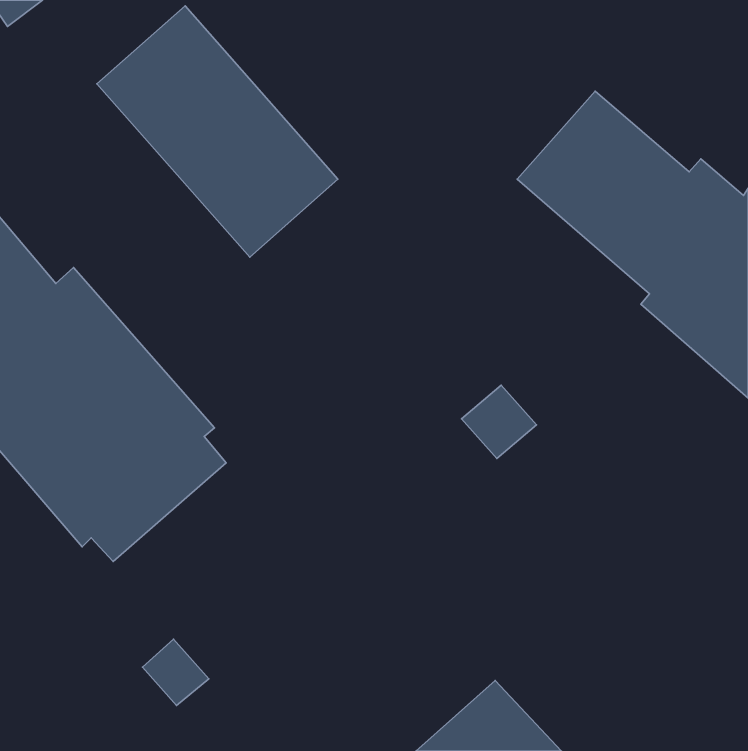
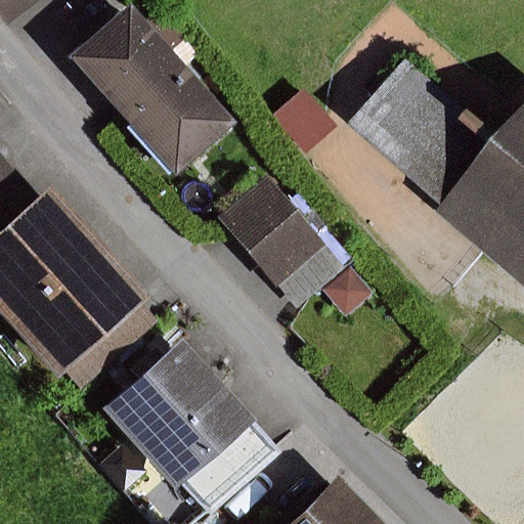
building: none -> [218,177,344,309]
building: none -> [101,339,280,516]

